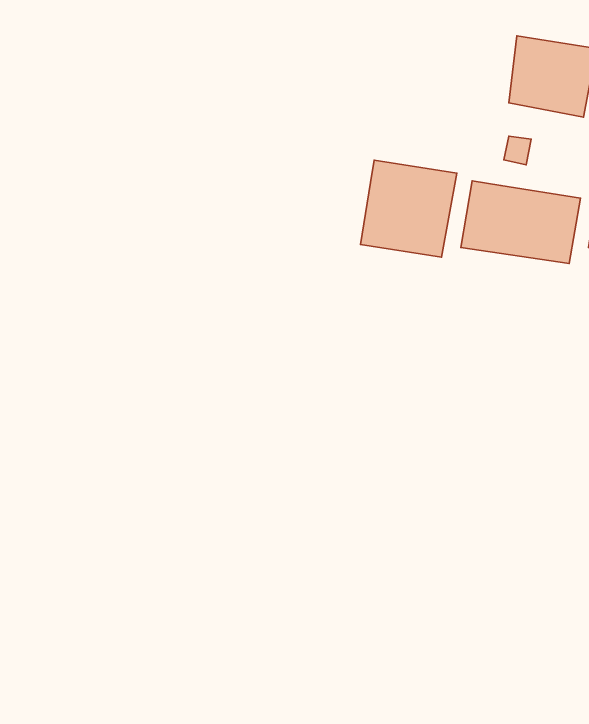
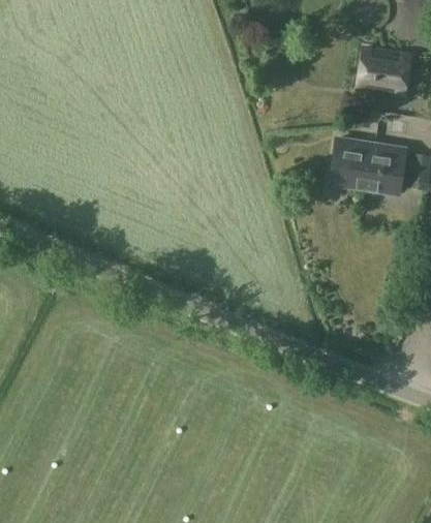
building: [360,160,457,257] -> none

